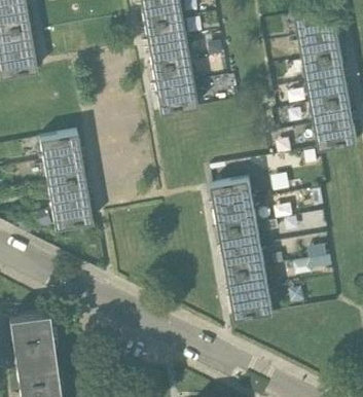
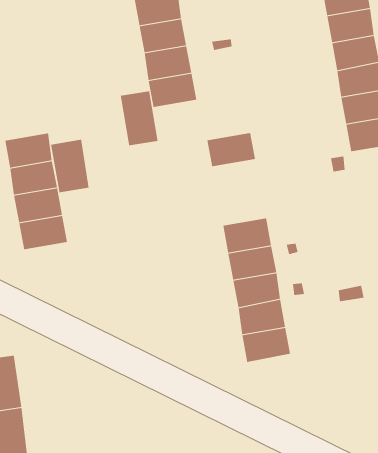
building: none -> [120,91,158,146]
building: none -> [50,139,89,193]
building: [212,177,252,205] -> [207,133,256,167]

